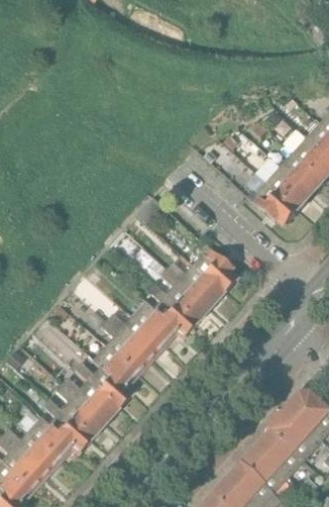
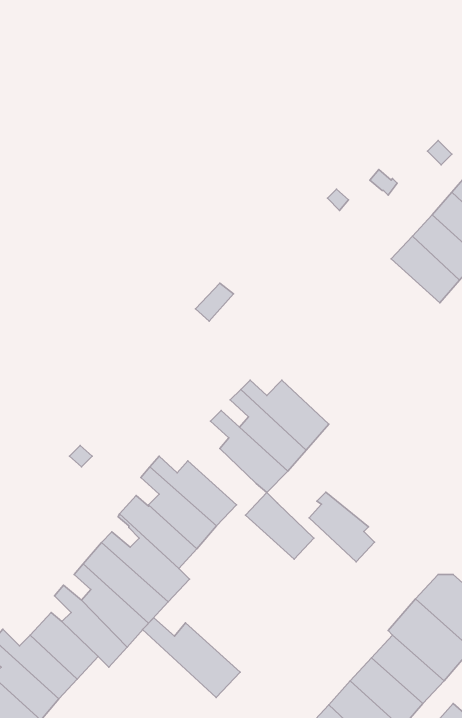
building: [248,181,299,224] -> none
building: [194,244,237,291] -> [309,492,374,562]
building: [131,300,177,344] -> [245,493,314,559]
building: none -> [143,618,240,698]

